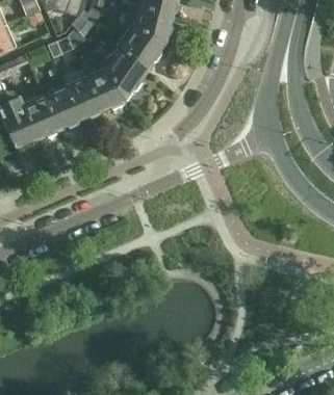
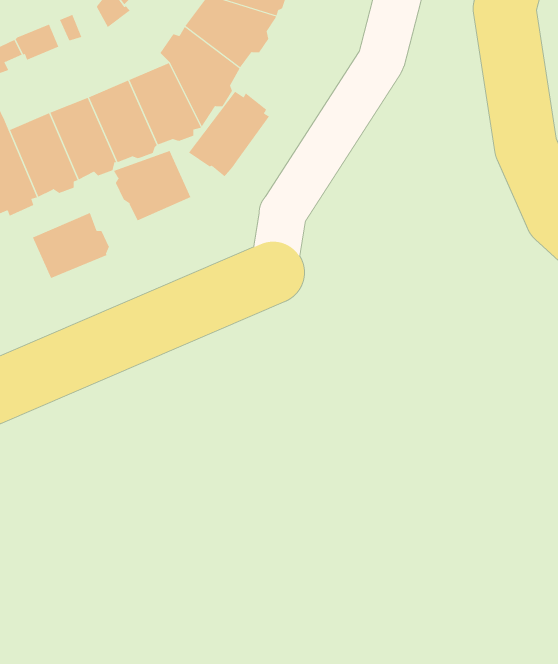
building: none -> [188,91,270,177]
building: none -> [113,150,191,221]
building: none -> [32,212,110,279]

